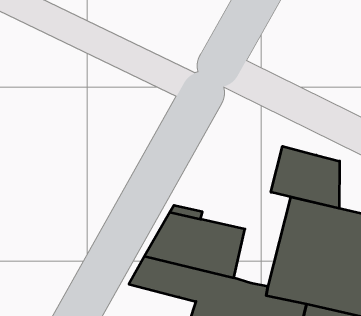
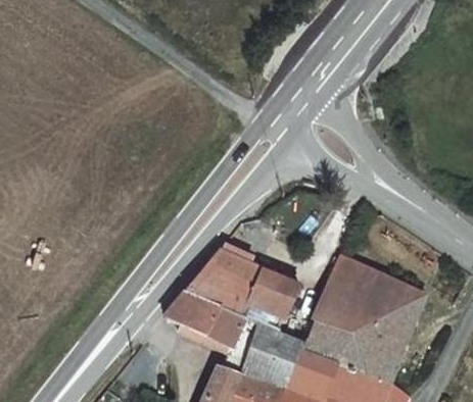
building: [271,146,340,208] -> none

